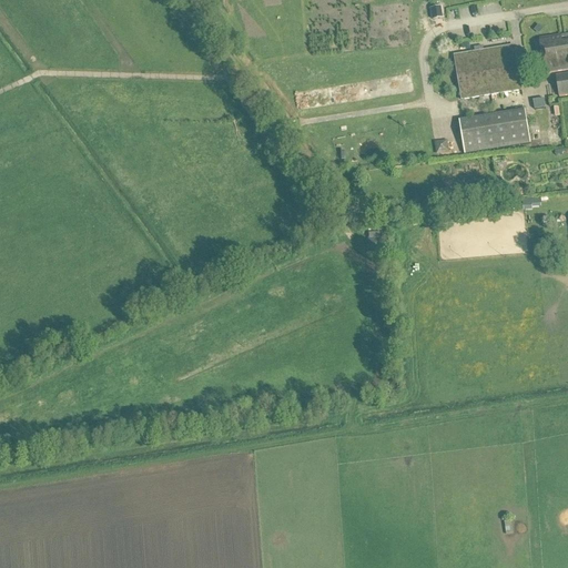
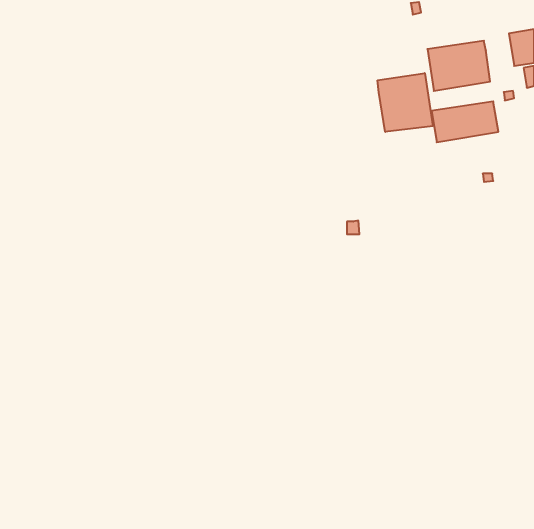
building: none -> [378,73,433,132]

